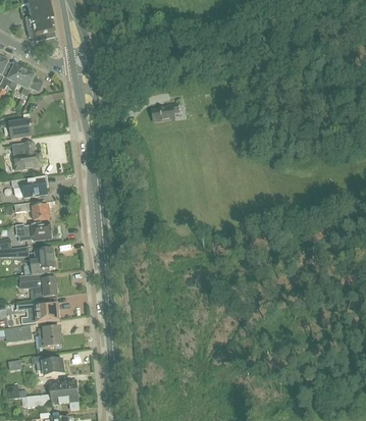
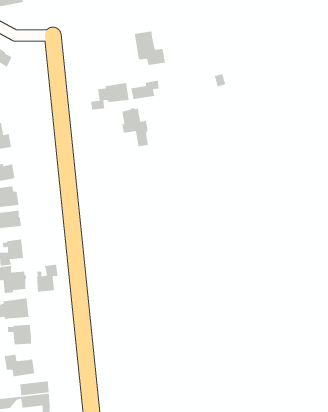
building: none -> [134,30,166,71]
building: none -> [90,82,129,110]
building: none -> [121,107,149,147]
building: none -> [36,264,58,293]

